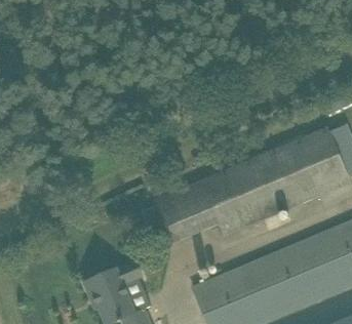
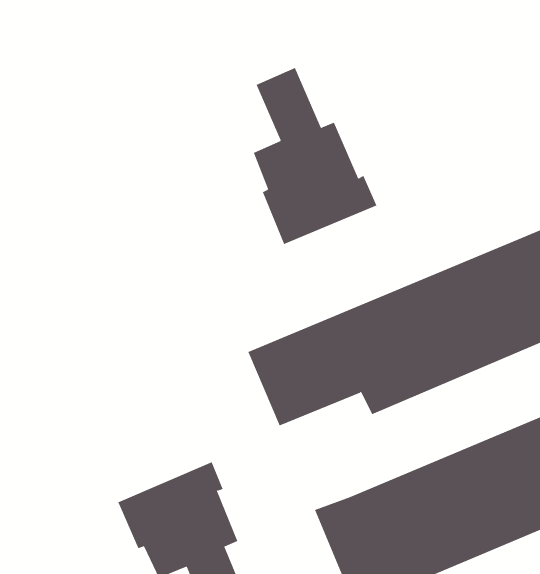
building: none -> [253,67,377,245]

